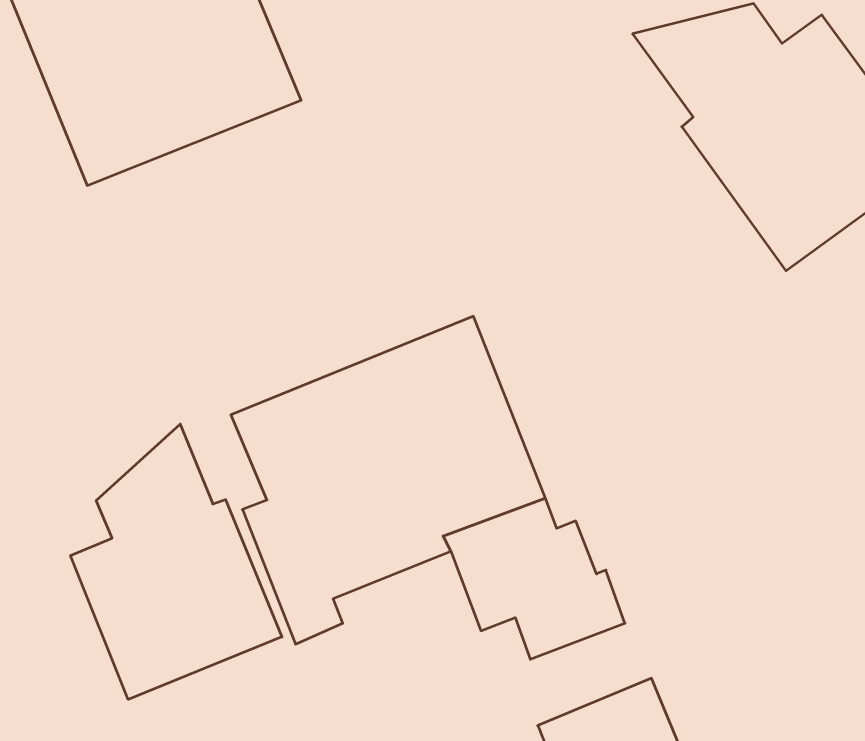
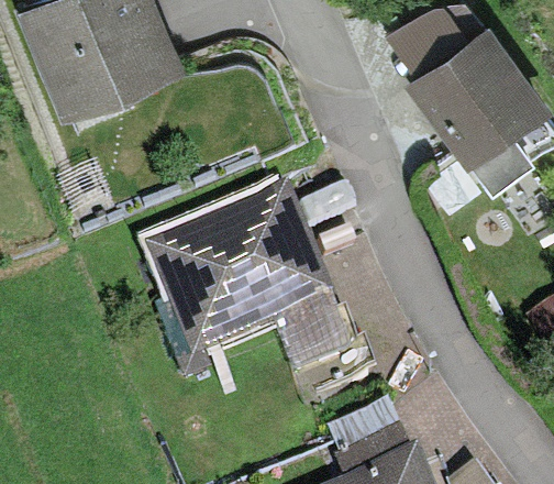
building: [71,424,282,699] -> none

